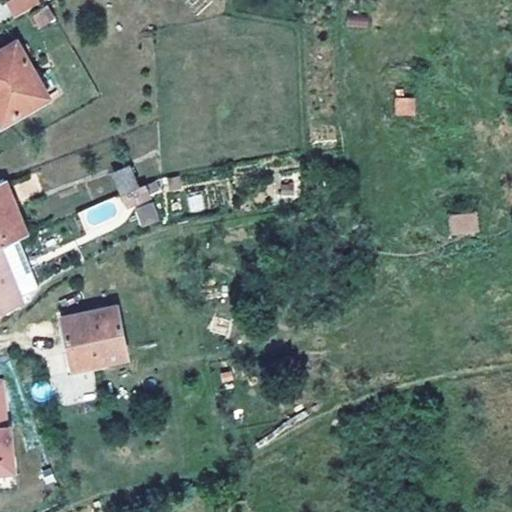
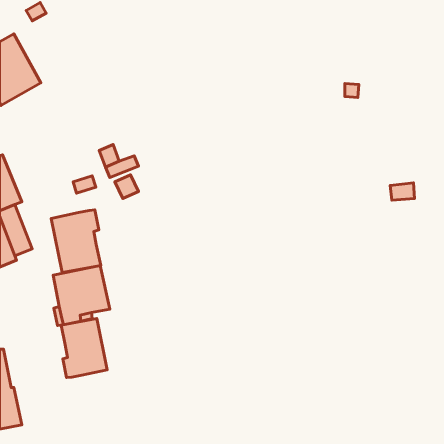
building: none -> [51,210,101,272]
building: none -> [61,319,107,378]

